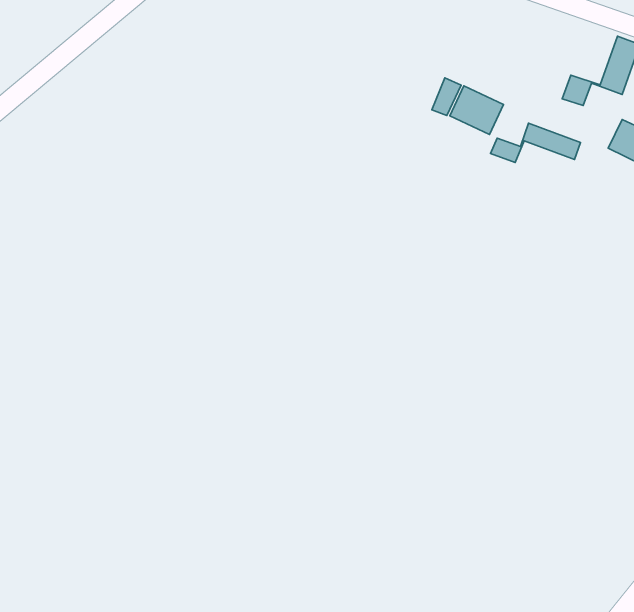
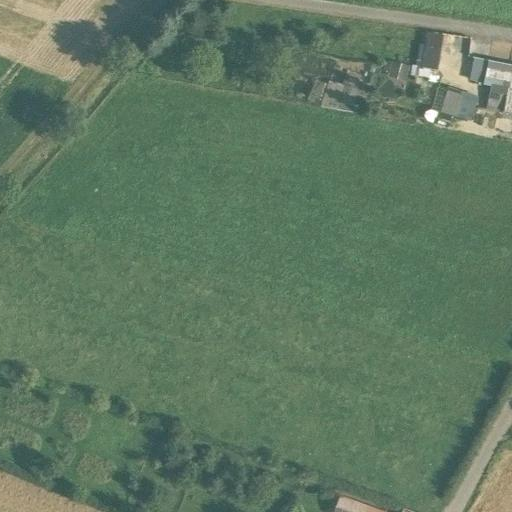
building: [490,123,580,162] -> none

